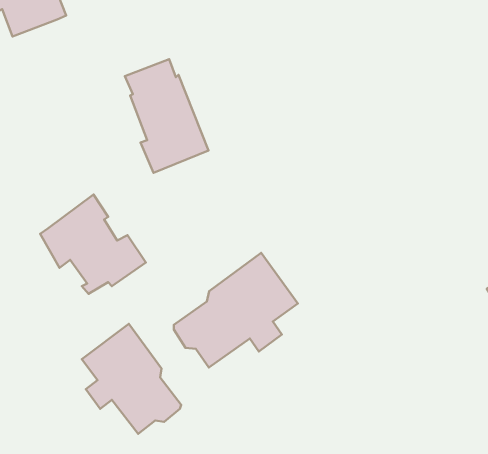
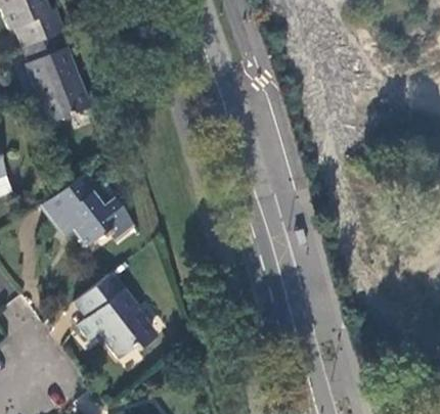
building: [125,59,208,173] -> [24,35,89,124]
building: [174,253,298,368] -> none

